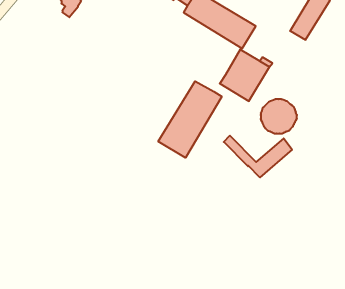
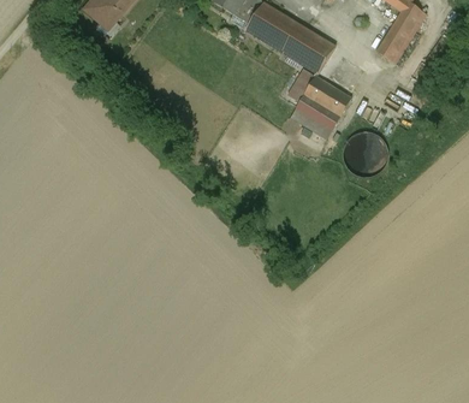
building: [158,81,222,158] -> none
building: [224,136,292,177] -> none

